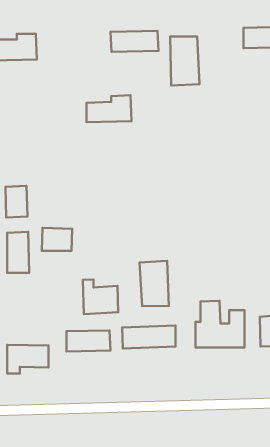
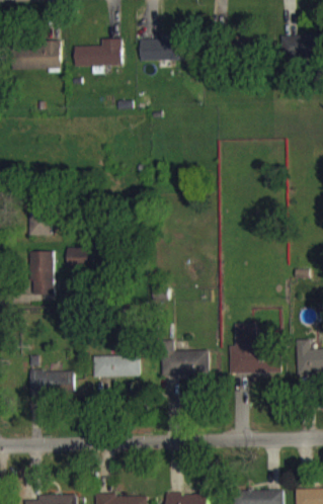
building: [170,37,199,85] -> none
building: [86,95,131,122] -> [74,38,122,67]
building: [139,261,169,306] -> none
building: [83,280,118,314] -> none

